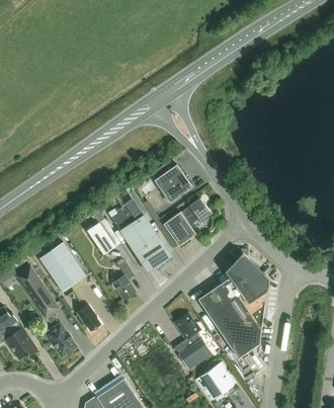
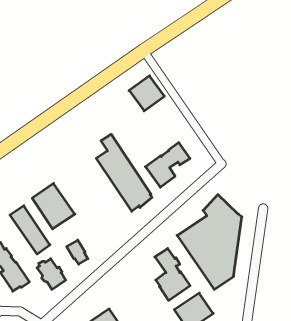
building: [154,164,192,202] -> [129,76,164,111]
building: [87,222,115,254] -> none
building: [111,261,136,300] -> none

